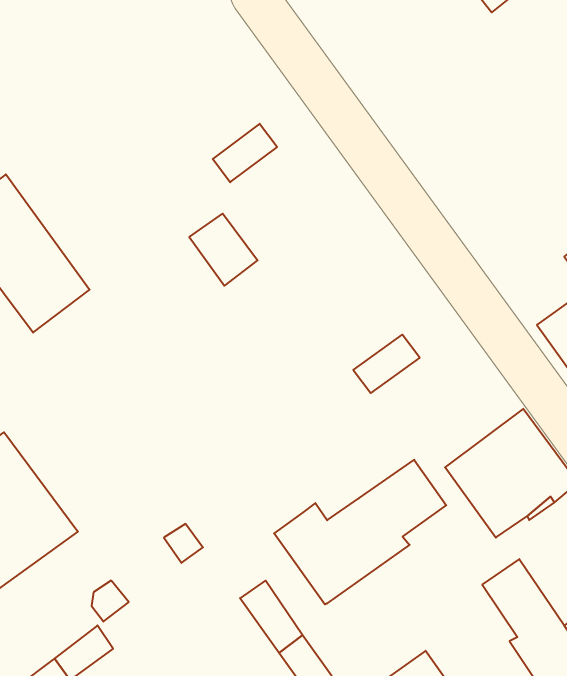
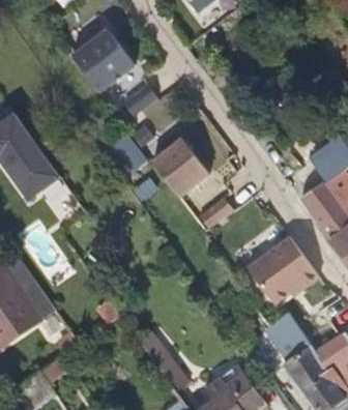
building: none -> [74,33,139,97]
building: none -> [154,144,211,203]
building: [274,460,446,604] -> none

